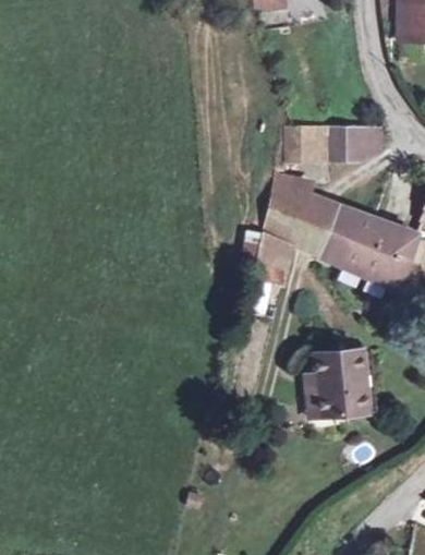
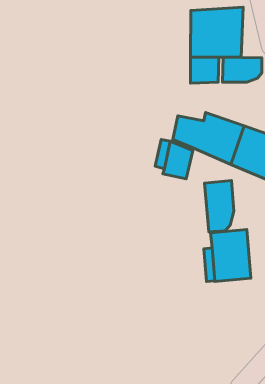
building: none -> [191,7,243,57]
building: [272,176,312,208] -> none
building: none -> [205,181,234,232]

